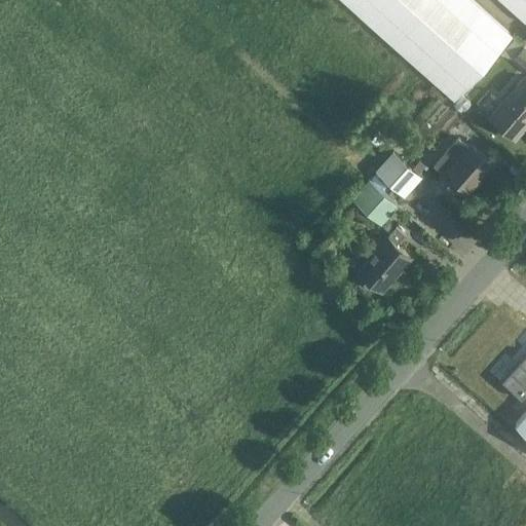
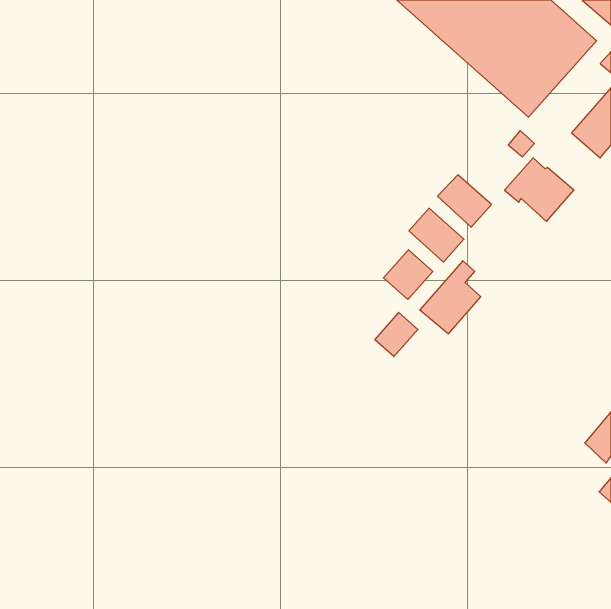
building: none -> [383,250,433,299]
building: none -> [375,312,418,357]

